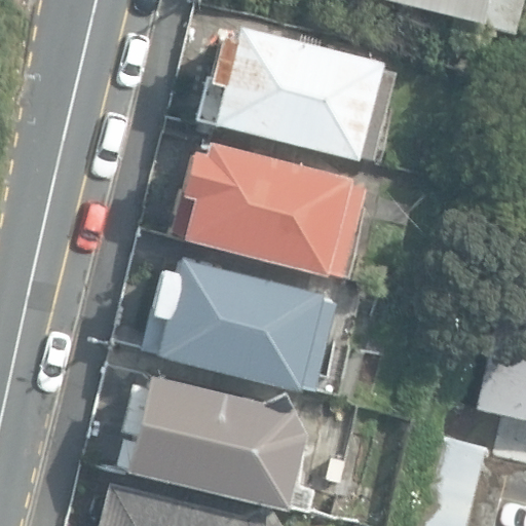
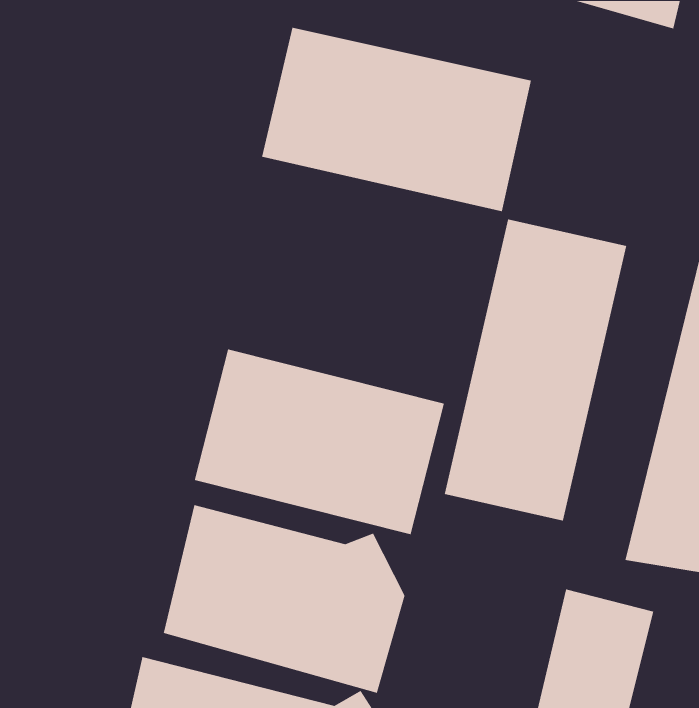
building: [182,142,364,276] -> none
building: none -> [444,218,627,521]

